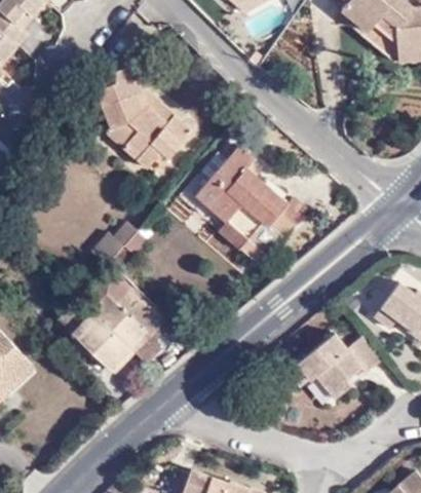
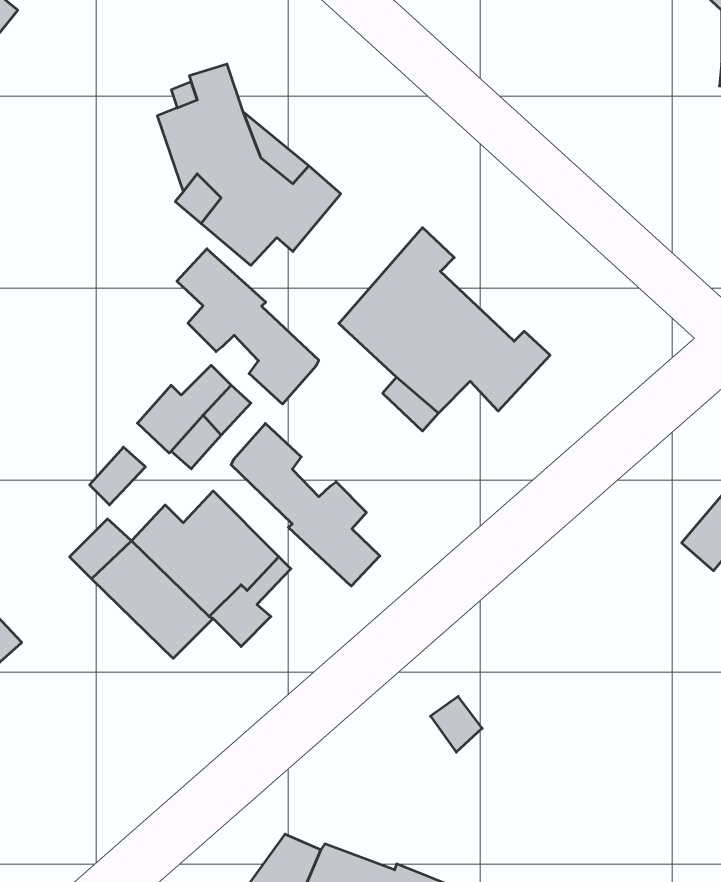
building: none -> [177,249,319,404]
building: none -> [231,423,380,586]
building: [296,330,380,396] -> none

